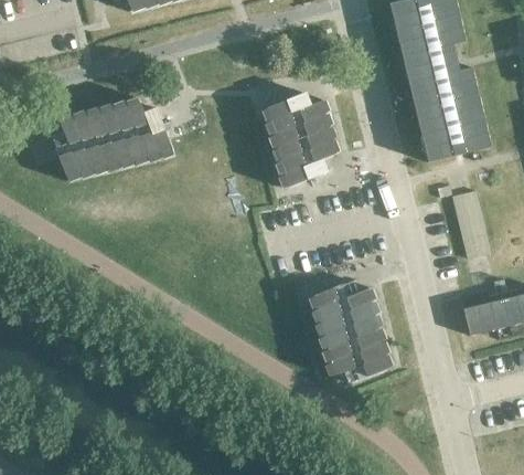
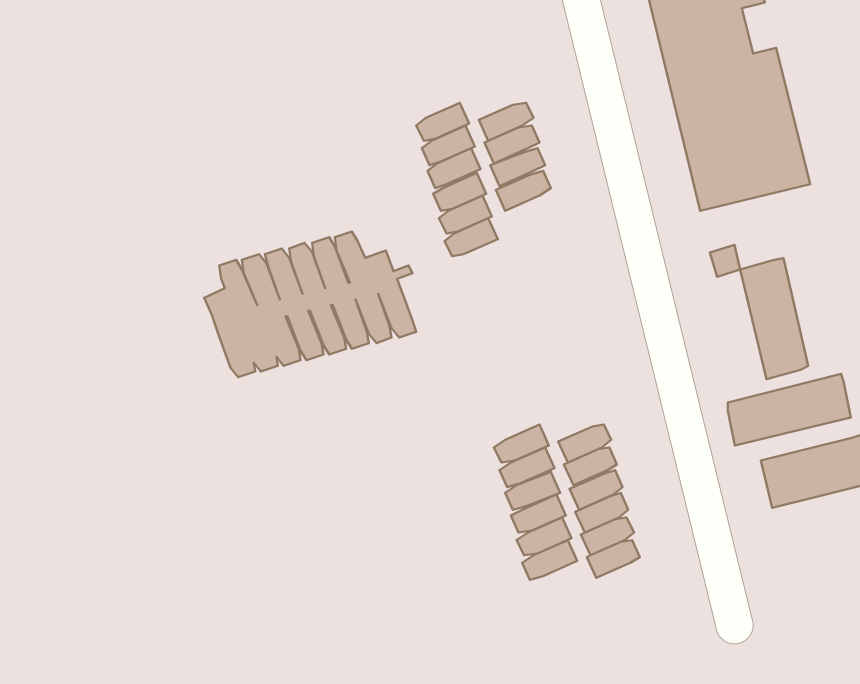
building: [50,97,173,182] -> [204,231,416,377]
building: none -> [728,374,851,446]

